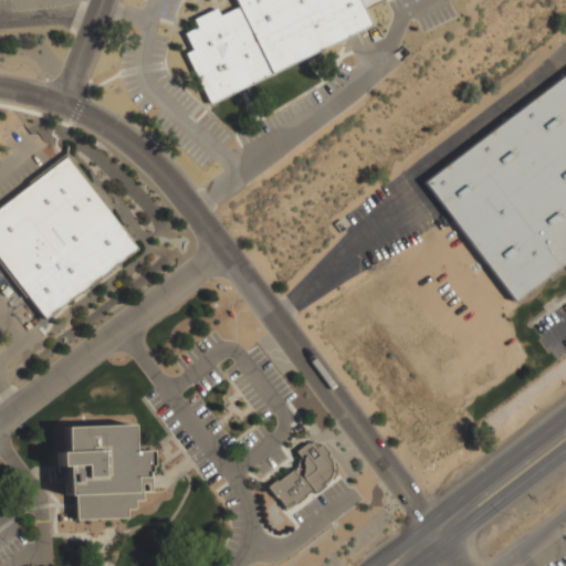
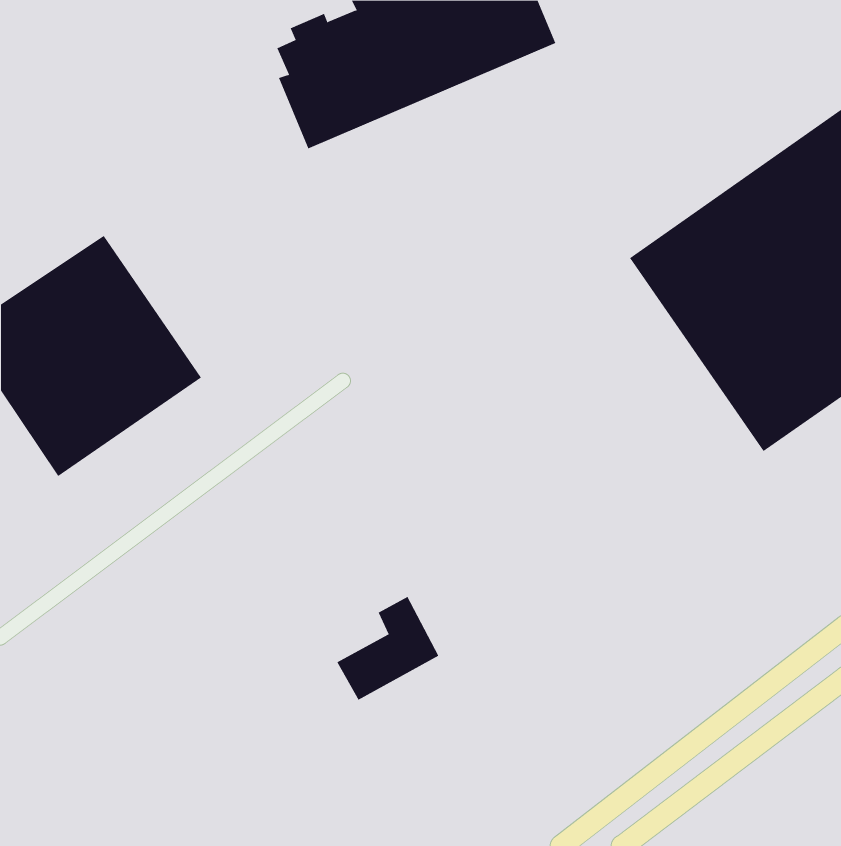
building: [60,426,150,520] -> none
building: [270,439,338,509] -> [336,596,439,700]

